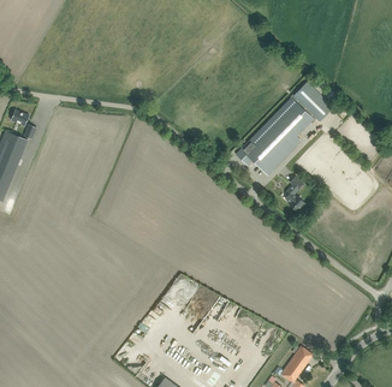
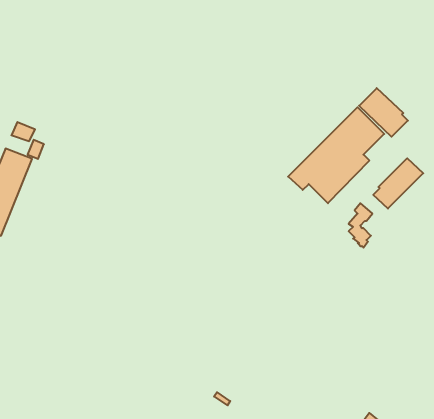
building: none -> [373,158,423,209]

